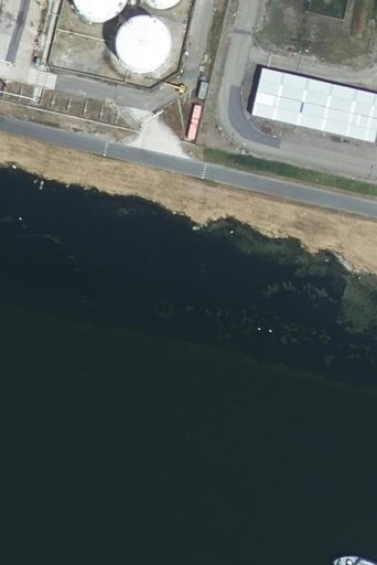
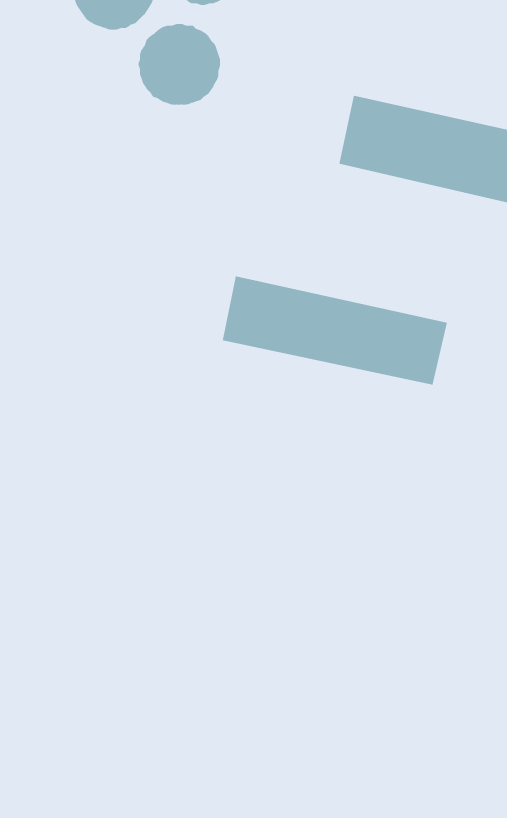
building: none -> [222,275,447,385]

